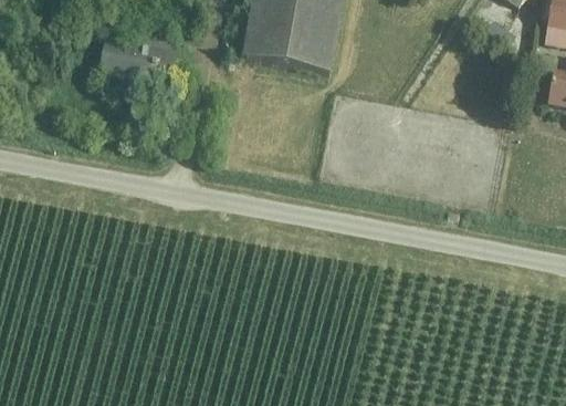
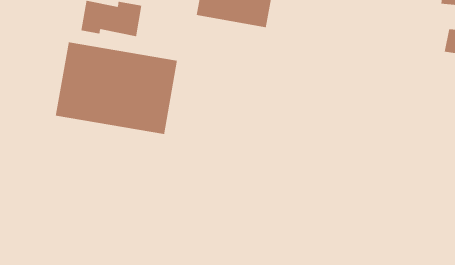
building: none -> [55,42,178,135]

